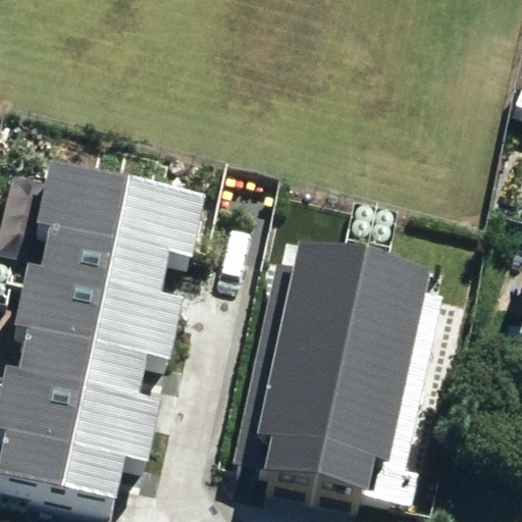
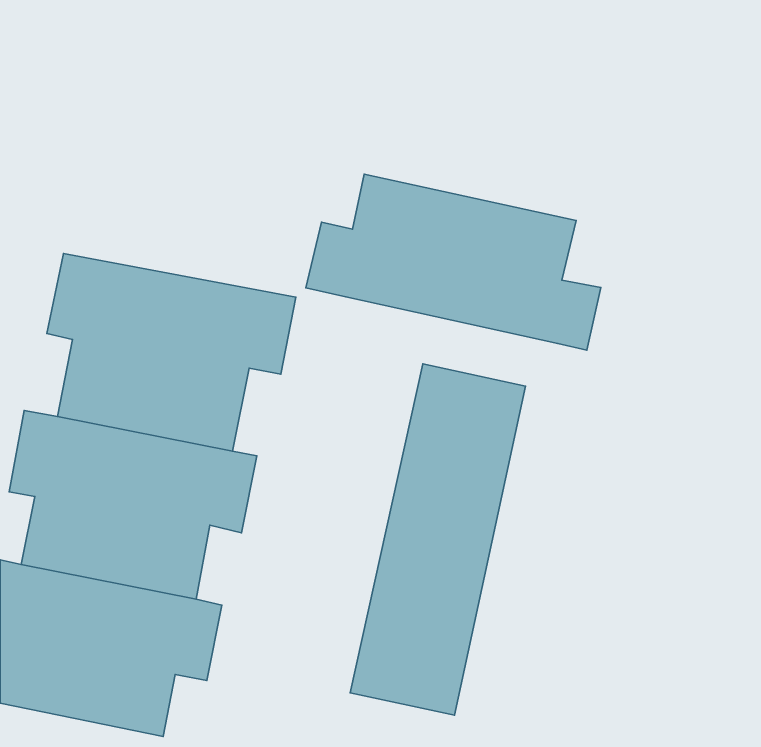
building: none -> [306,174,601,350]
building: [314,261,430,498] -> none

